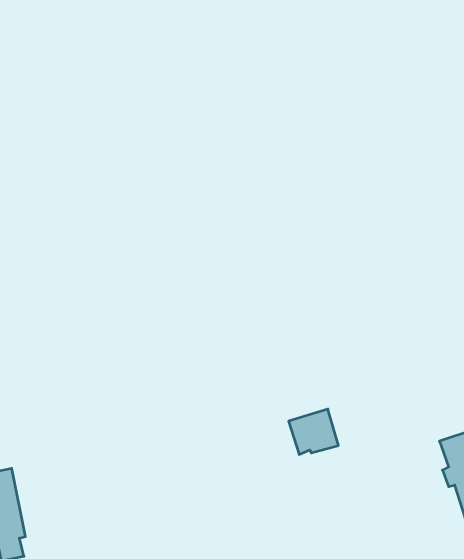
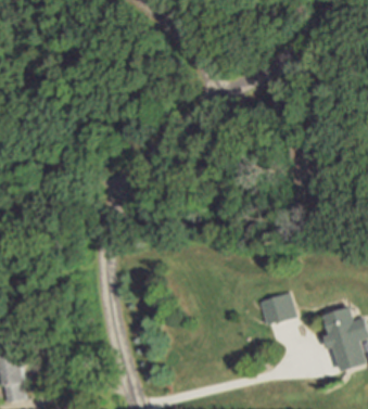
building: [289,409,338,454] -> [258,291,294,323]

